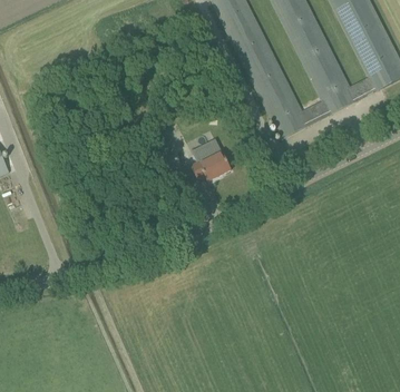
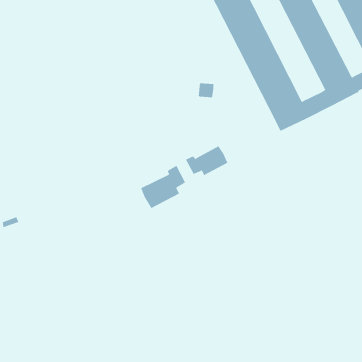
building: none -> [140,165,186,209]

